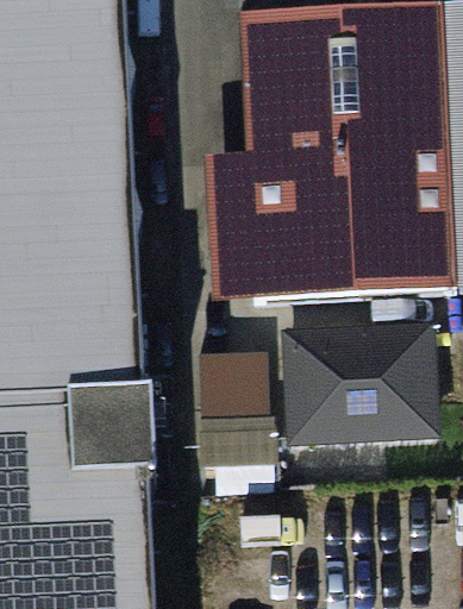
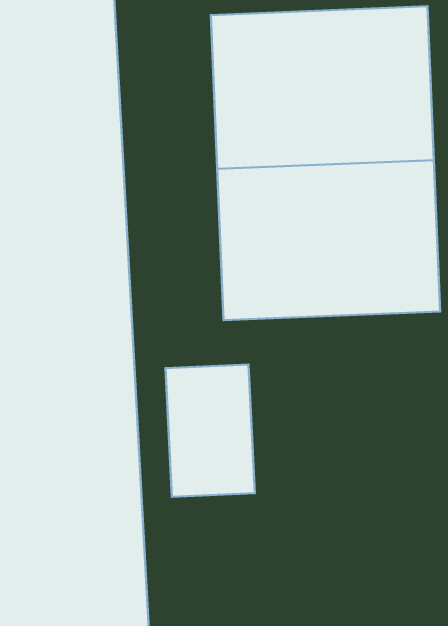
building: [270,319,432,444] -> none

